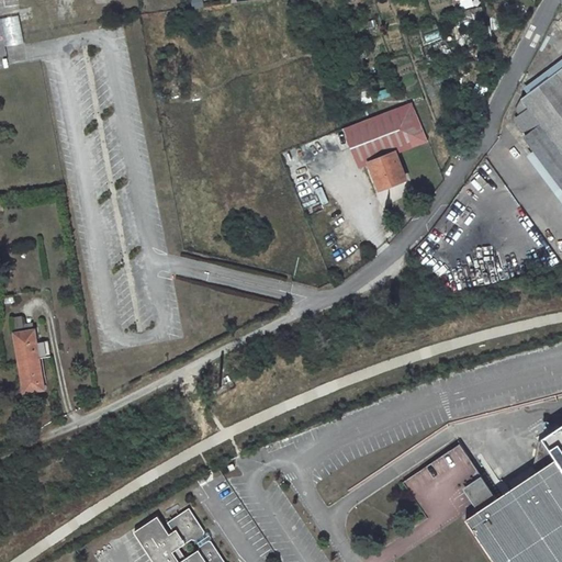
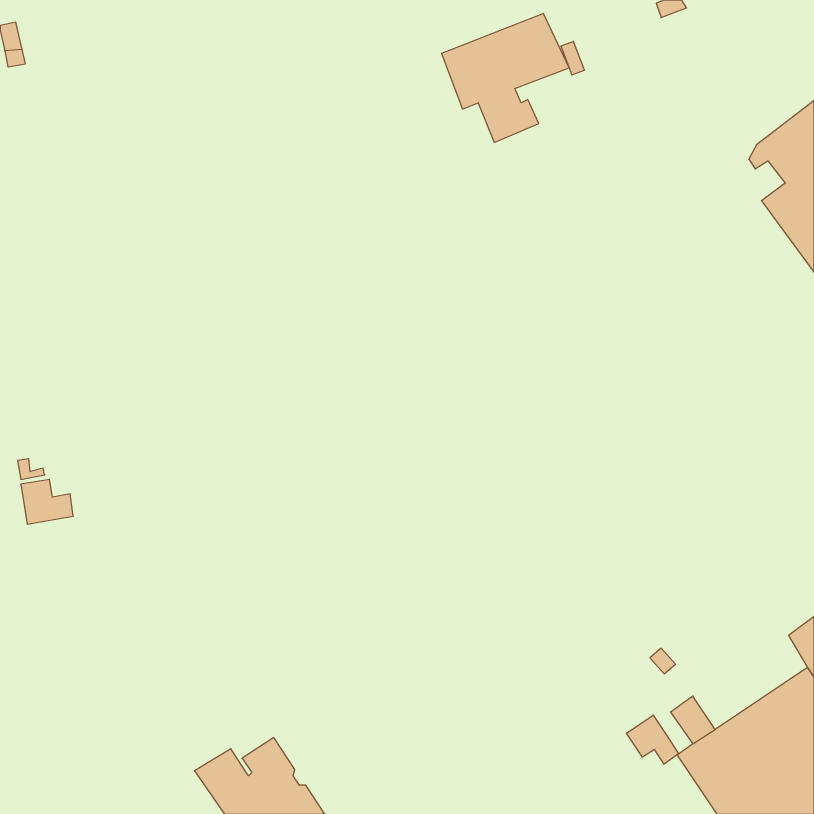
building: [345,101,432,190] -> [442,14,569,143]
building: [19,358,44,393] -> none
building: none -> [626,715,679,764]

